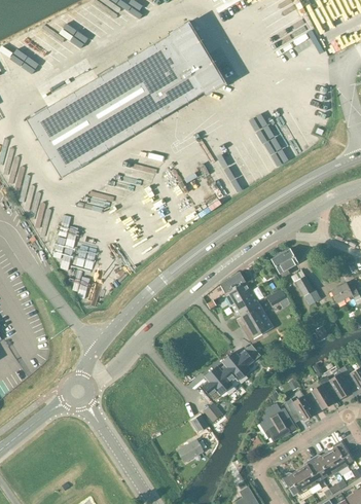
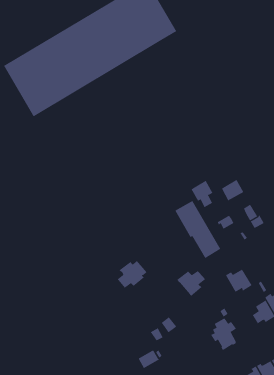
building: none -> [191,179,217,209]
building: [201,365,236,397] -> [116,260,147,288]
building: [283,396,314,423] -> [225,269,253,292]

